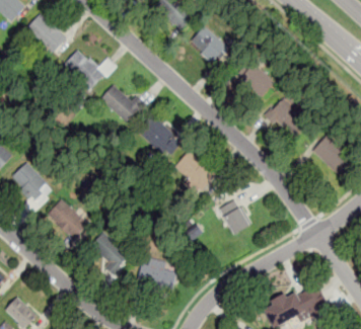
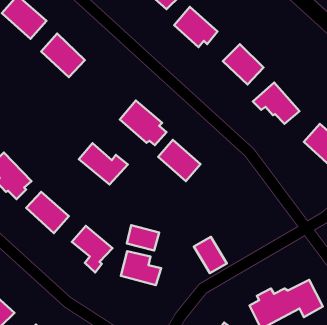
building: [99,85,146,125] -> [79,143,128,185]
building: [218,200,249,235] -> [194,237,227,273]
building: none -> [127,225,159,251]

